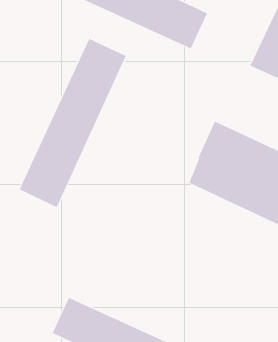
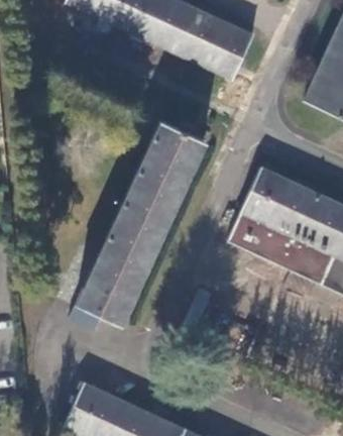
building: [19,38,127,208] -> [76,121,206,326]

